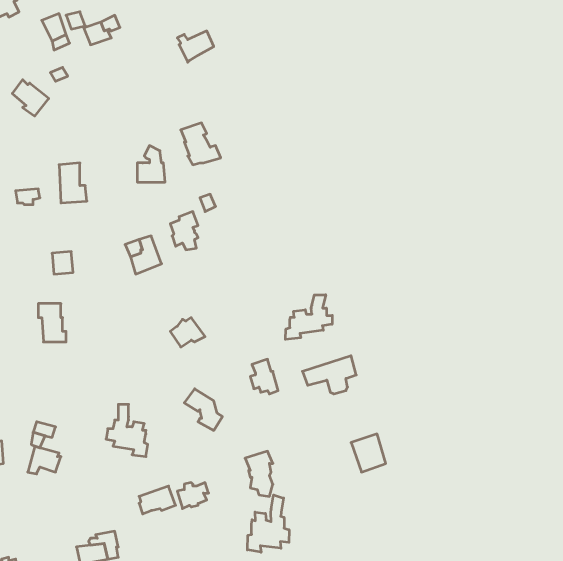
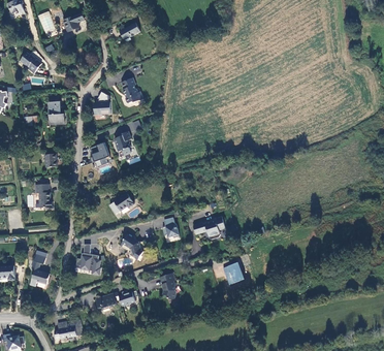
building: [285,295,332,339] -> none
building: [247,495,289,552] -> none

